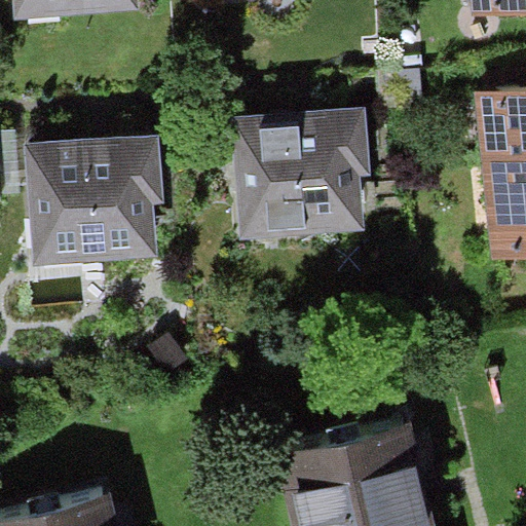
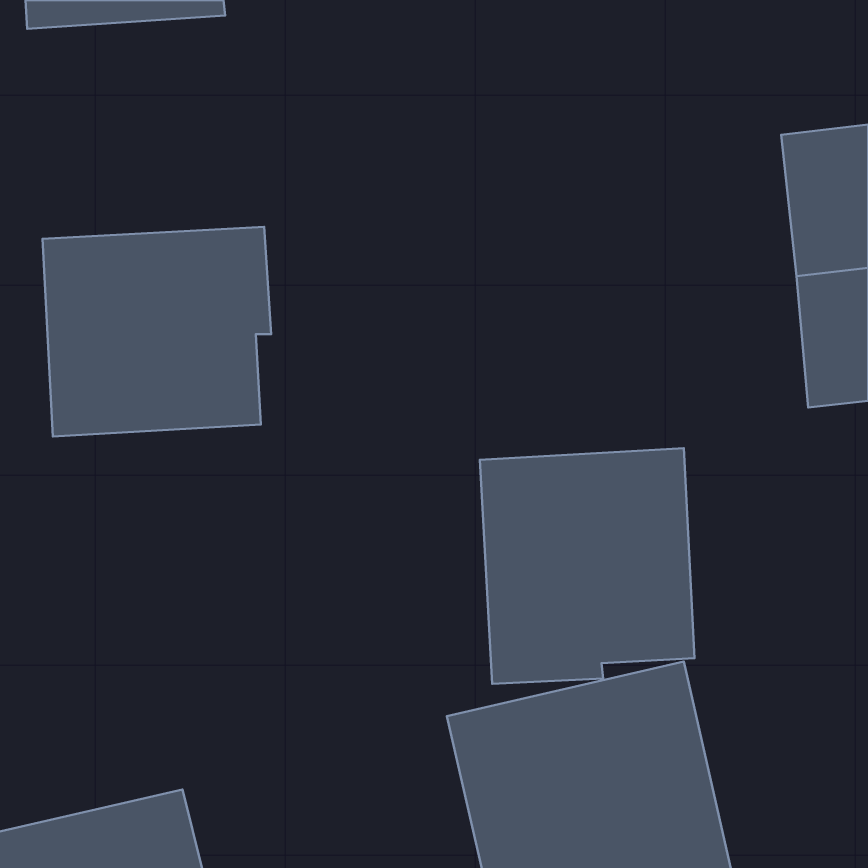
building: [237,108,370,242] -> none
building: none -> [480,448,695,684]

